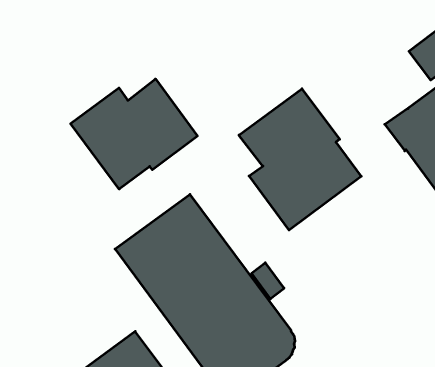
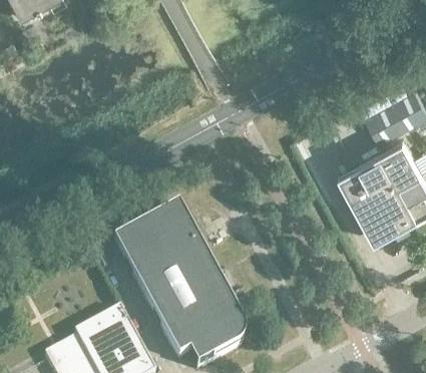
building: [71,79,197,189] -> none
building: [239,89,361,230] -> none

